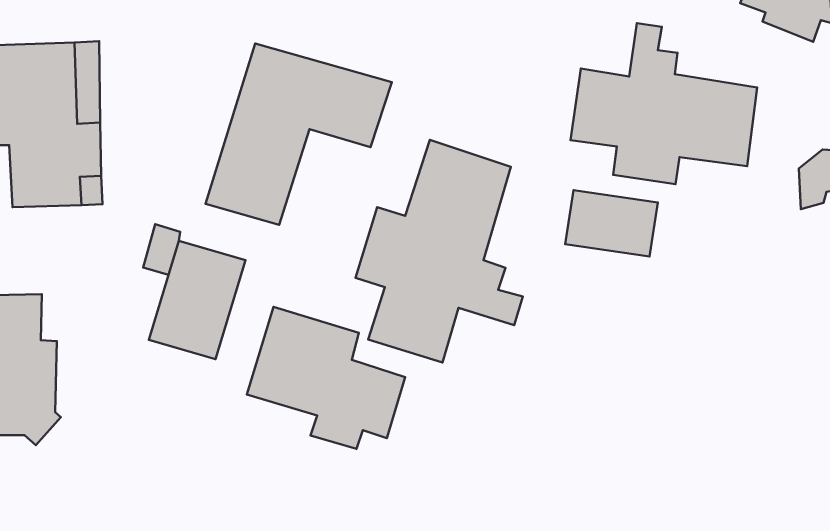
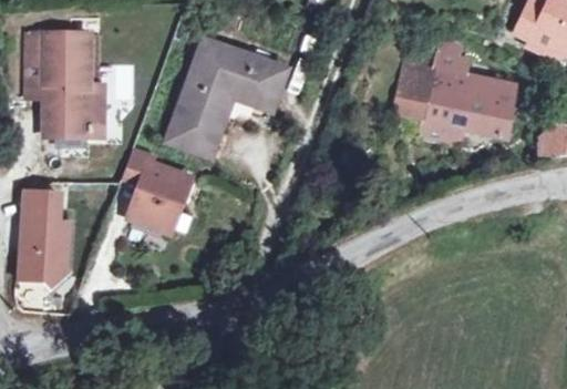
building: [355,140,523,363] -> none
building: [565,190,658,257] -> none
building: [247,307,405,449] -> none

